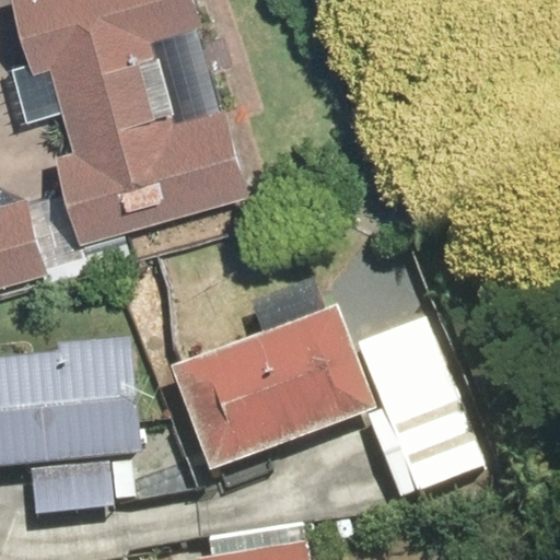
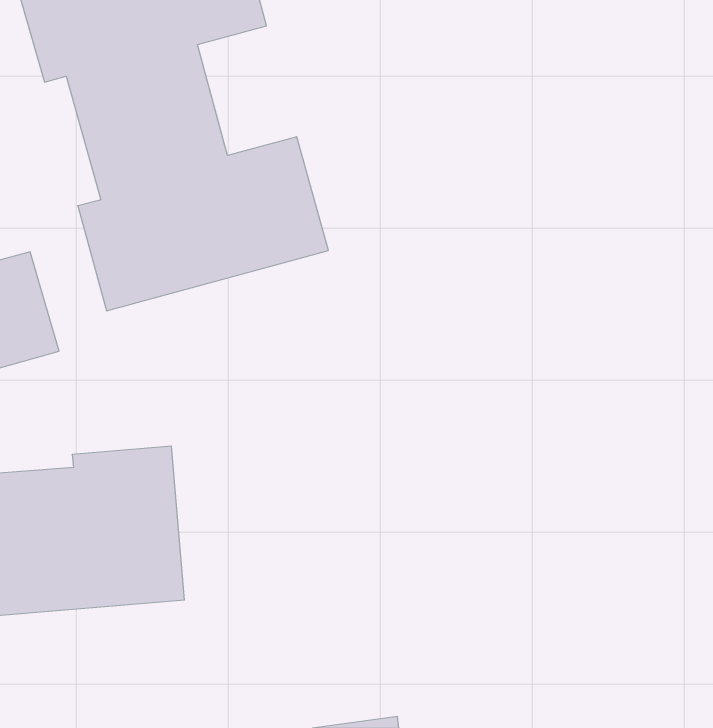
building: [168,307,373,472] -> none
building: [357,320,480,493] -> none

